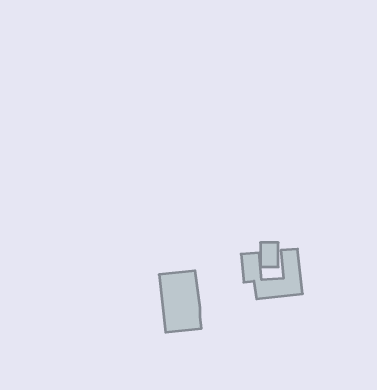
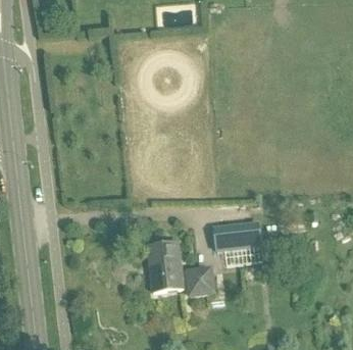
building: none -> [188,262,214,288]

